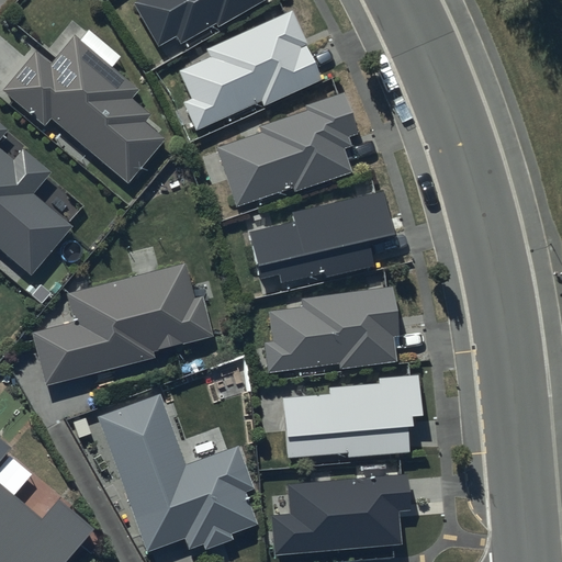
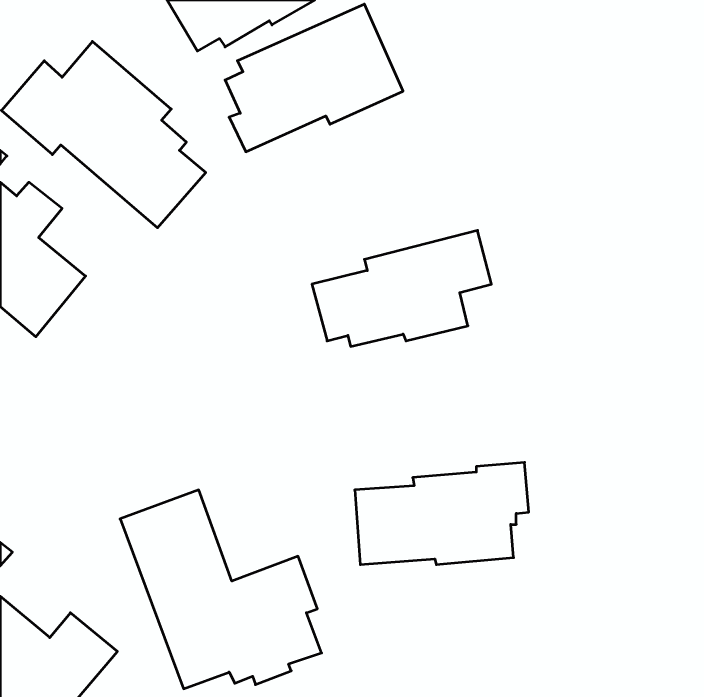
building: [217,93,356,205] -> none
building: [34,261,213,384] -> none
building: [266,288,397,372] -> none
building: [273,475,411,553] -> none

